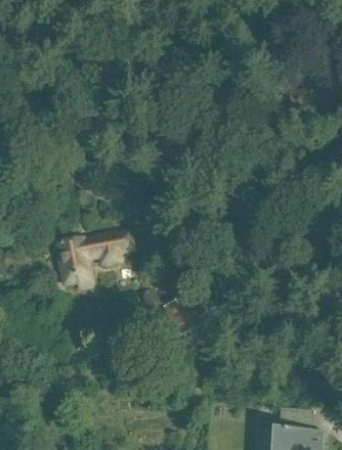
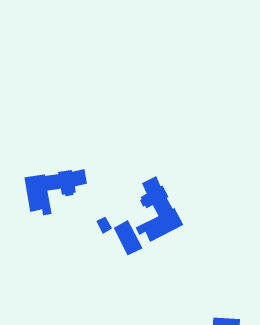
building: none -> [135,175,184,243]

